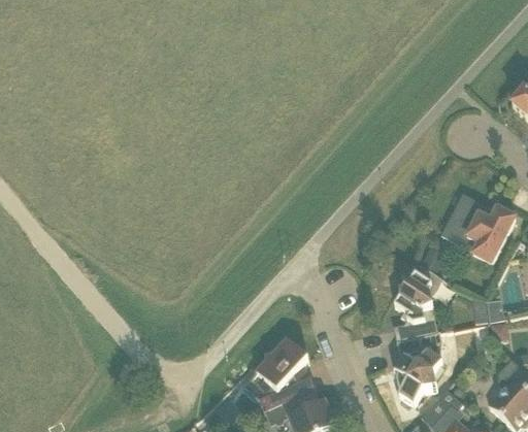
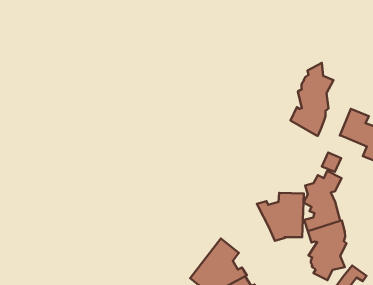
building: none -> [291,63,333,136]
building: none -> [257,193,304,241]

